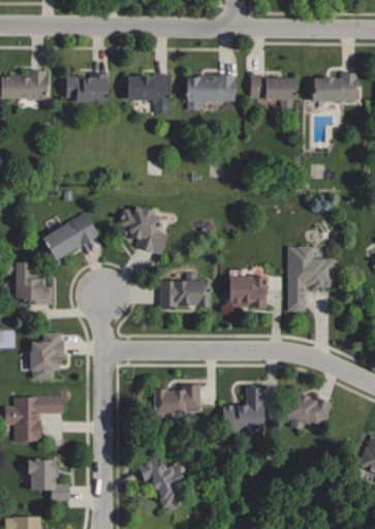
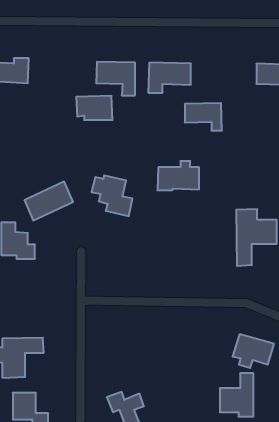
building: [65,74,107,102] -> [76,96,113,120]
building: [251,76,294,108] -> [185,103,222,131]
building: [160,273,209,307] -> [157,161,199,190]
building: [226,276,268,307] -> none
building: [29,333,63,379] -> none
building: [153,384,201,413] -> none
building: [222,387,261,438] -> [220,373,253,417]

